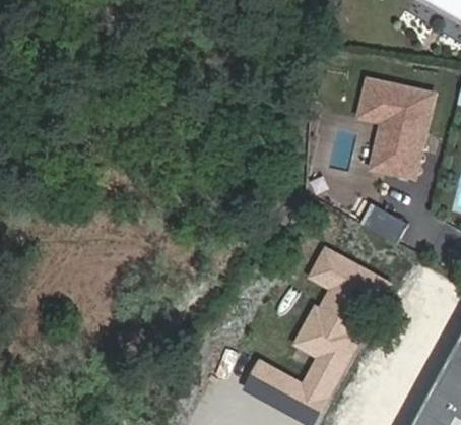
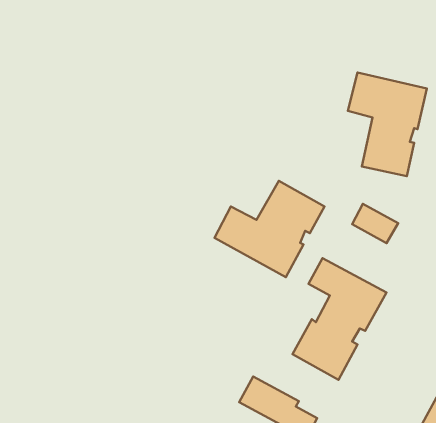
building: none -> [214,181,325,277]
building: [304,357,344,405] -> none

